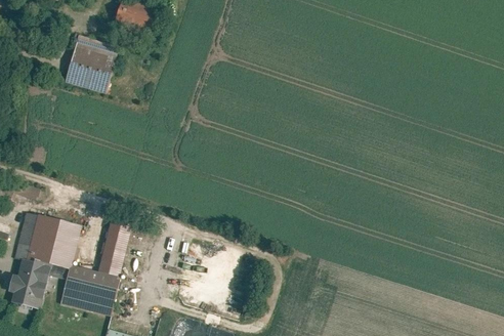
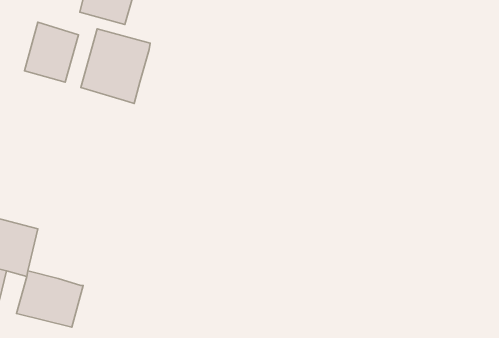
building: none -> [81,29,150,104]
building: [97,221,131,277] -> none

